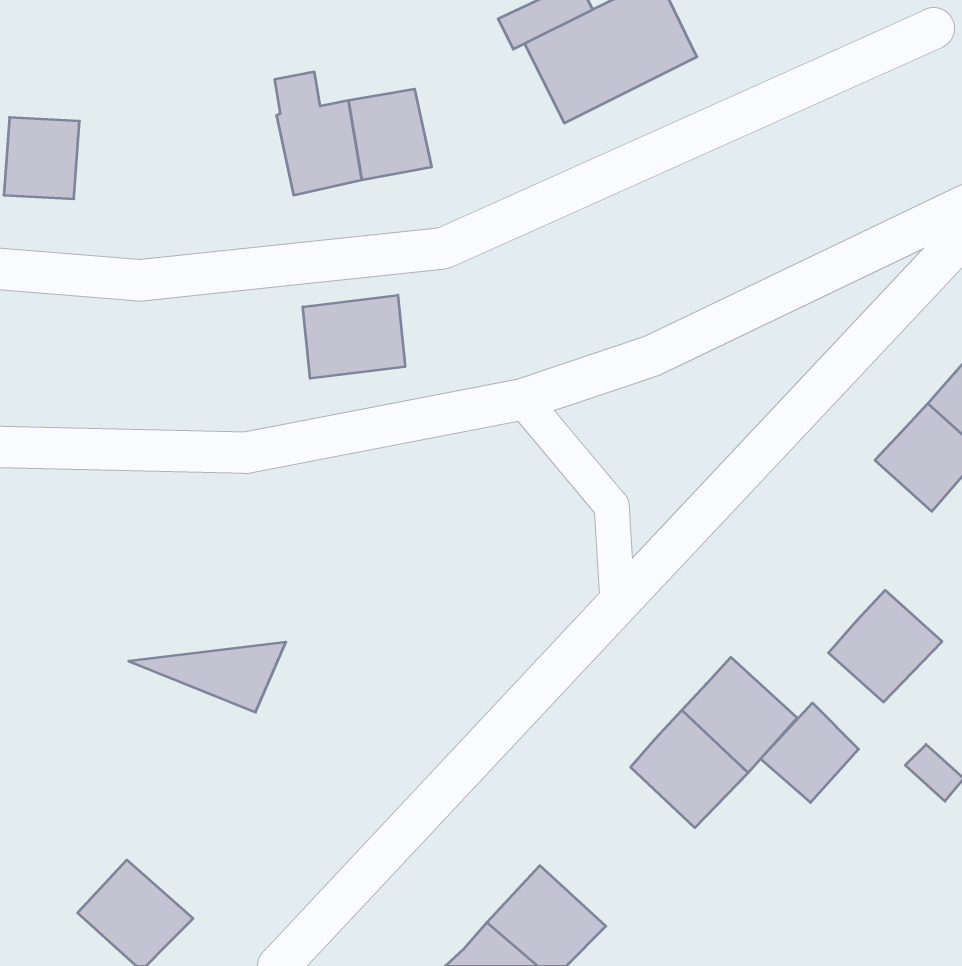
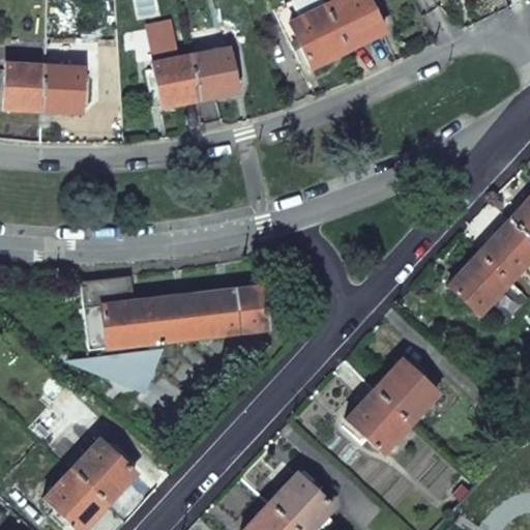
building: none -> [43,66,85,111]
building: [303,295,405,378] -> none
building: none -> [81,275,267,350]
building: [828,590,942,702] -> [450,252,512,313]
building: [761,703,859,803] -> none
building: none -> [72,440,136,502]

